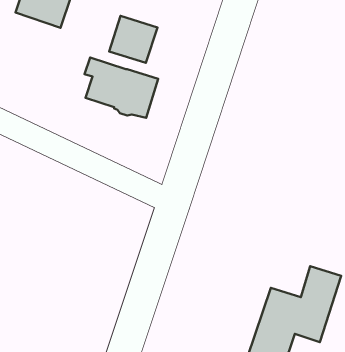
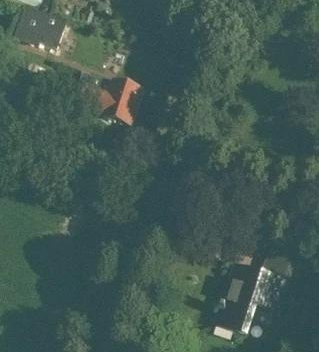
building: [109,16,157,63] -> none

